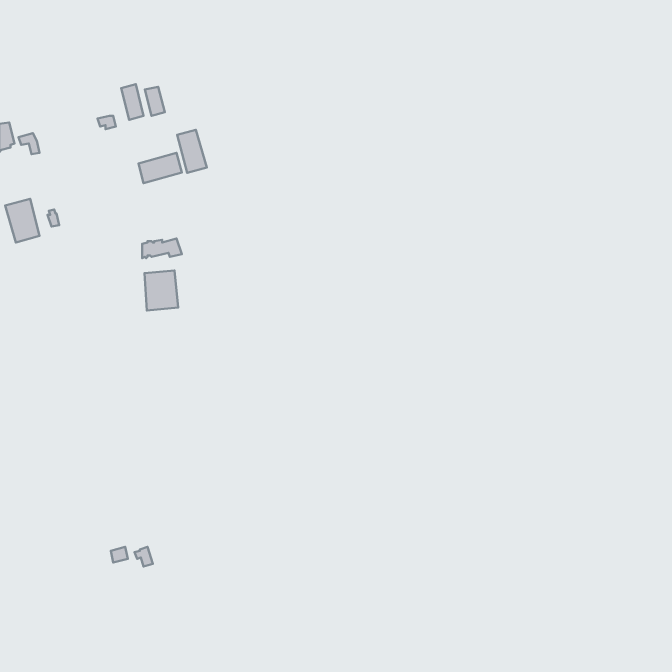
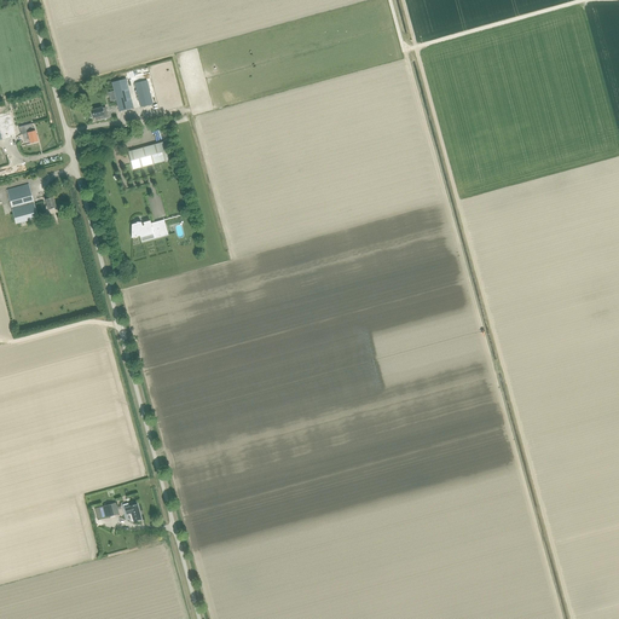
building: [177,130,207,173] -> none
building: [144,271,178,310] -> none

